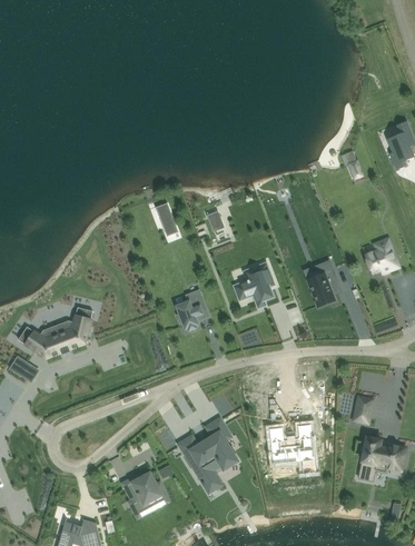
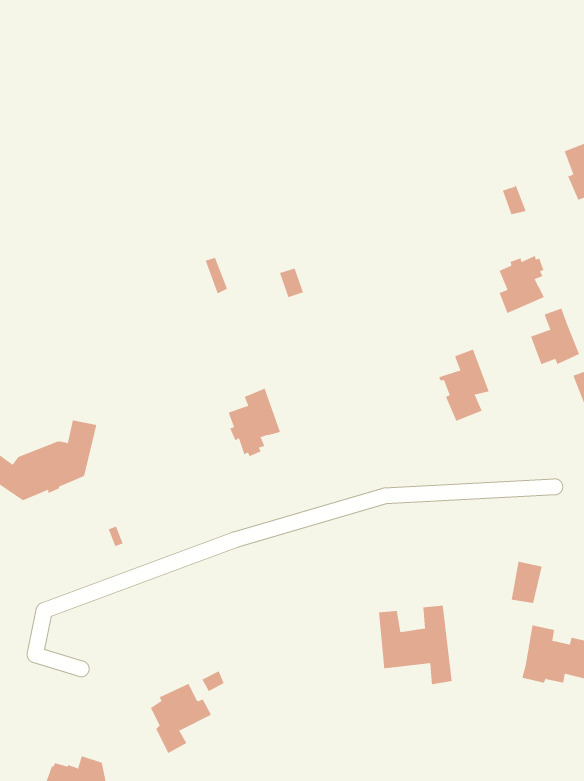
building: none -> [499,255,544,314]
building: [234,264,273,302] -> none
building: [179,419,236,492] -> none

